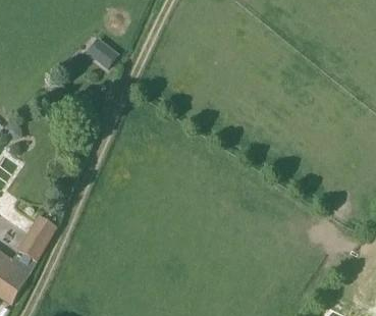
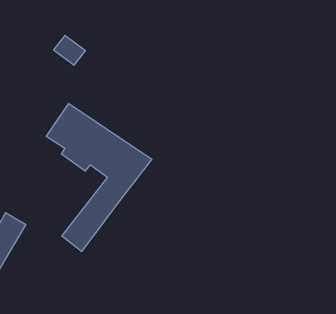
building: none -> [46,103,152,252]

